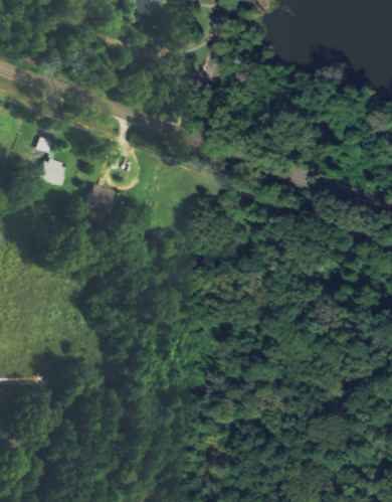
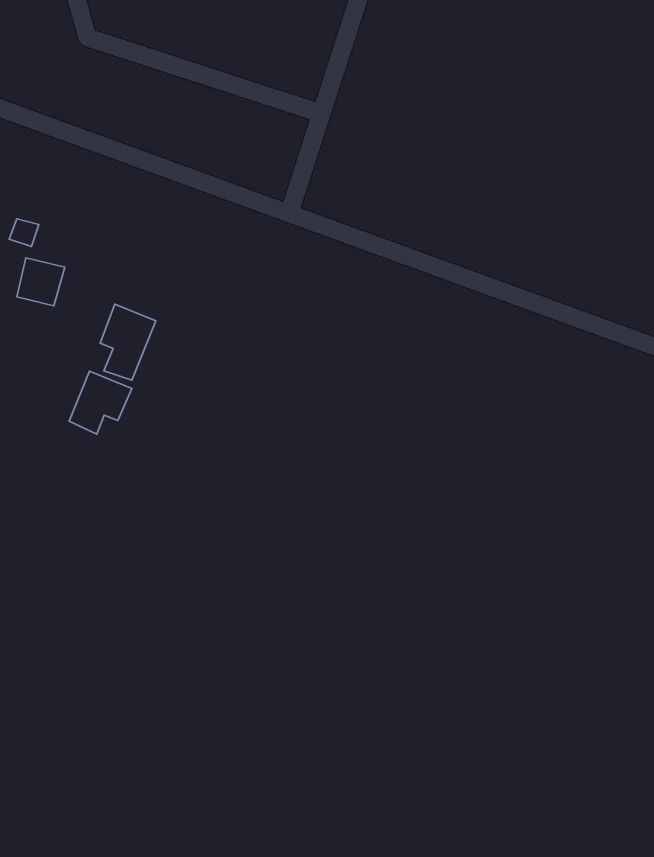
building: none -> [69,371,132,434]

